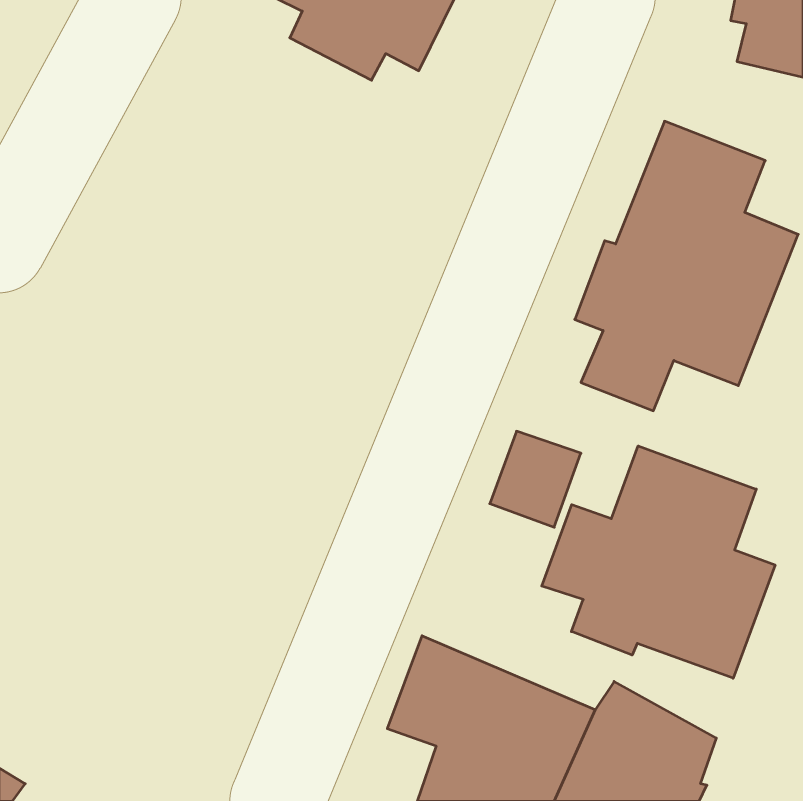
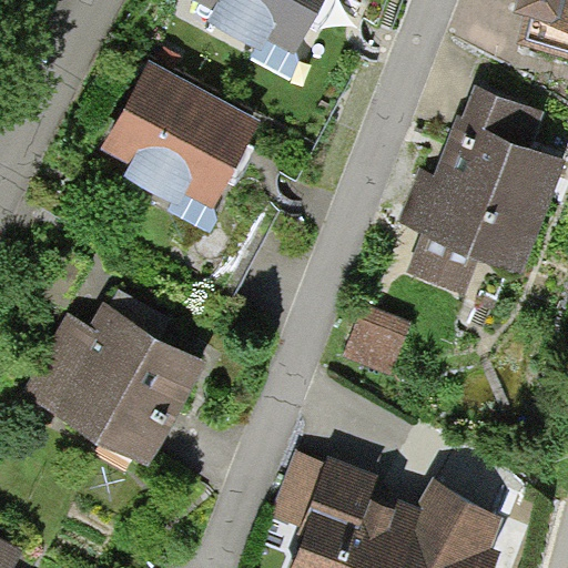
building: none -> [103,65,257,207]
building: none -> [24,306,205,467]
building: [542,446,775,678] -> none

